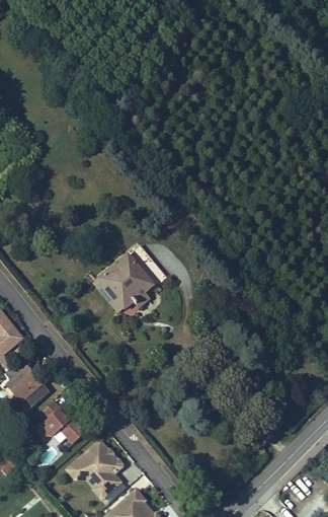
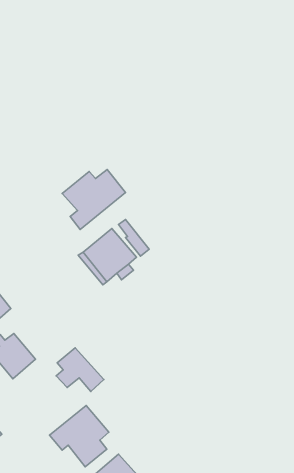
building: none -> [62,169,125,230]
building: [35,398,84,443] -> [56,348,104,392]

